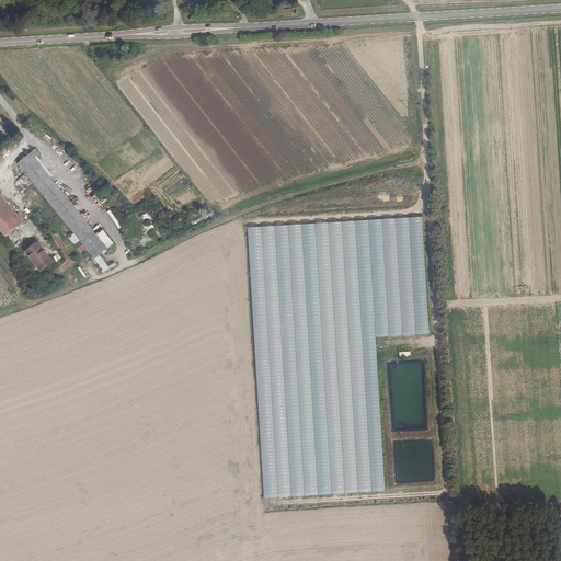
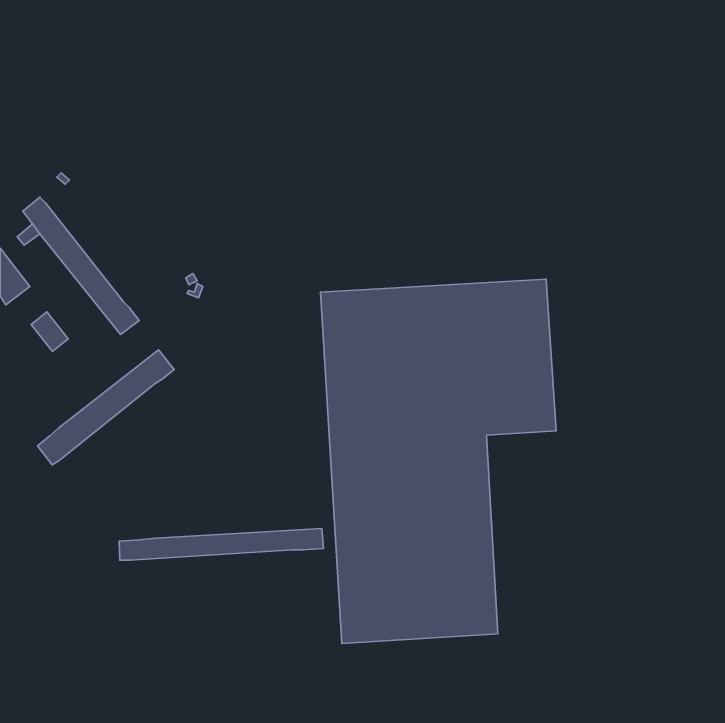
building: none -> [38,350,174,465]
building: none -> [119,529,324,560]

